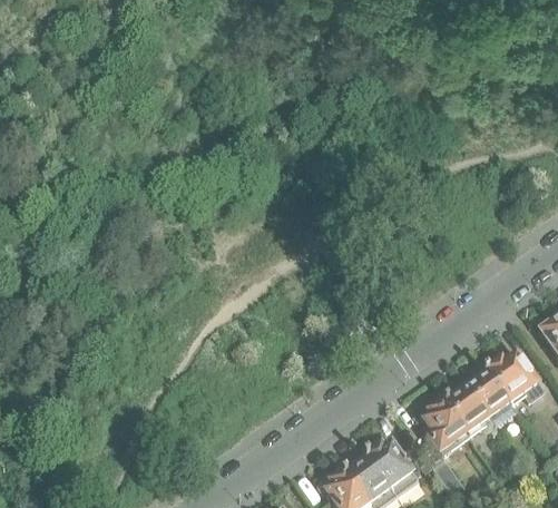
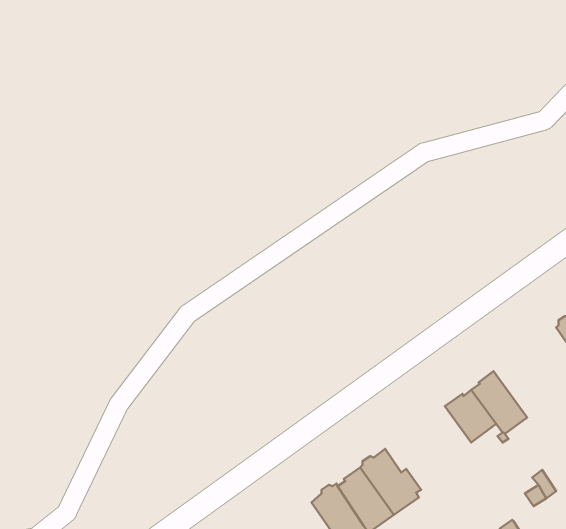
building: [484,350,540,399] -> none
building: [420,398,464,491] -> none

